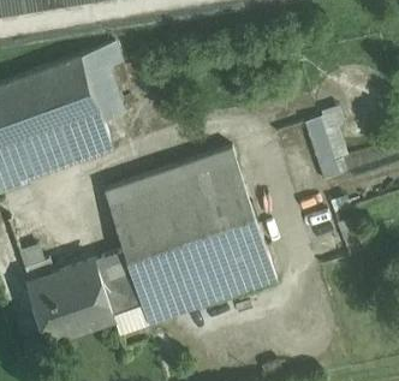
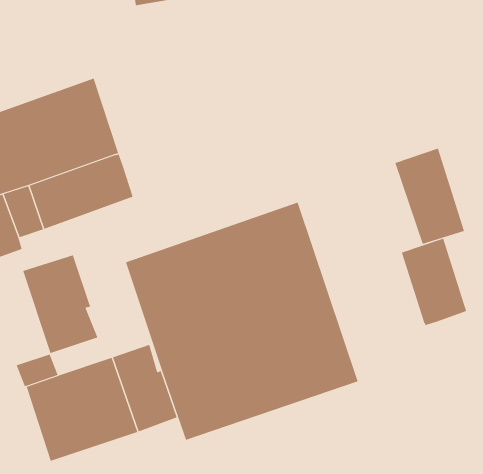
building: [82,46,121,123] -> none
building: none -> [401,238,467,326]
building: none -> [22,255,98,354]

